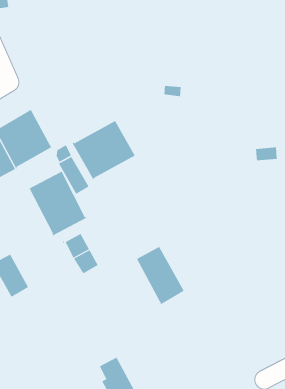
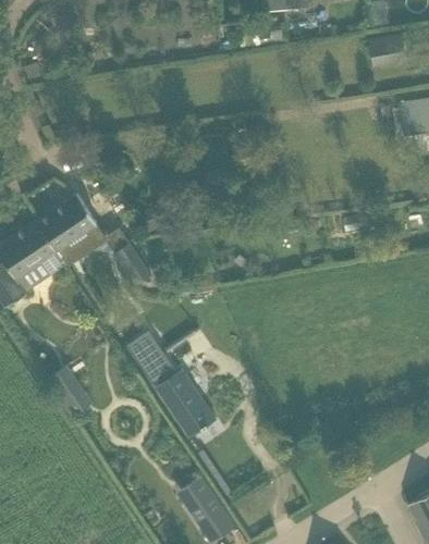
building: [72,119,136,180] -> none
building: [28,171,87,236] -> none
building: [136,246,184,305] -> [154,368,213,436]

